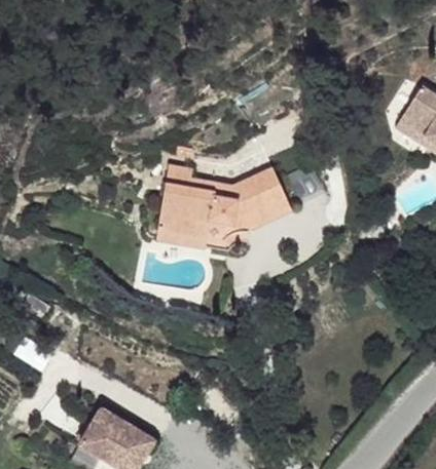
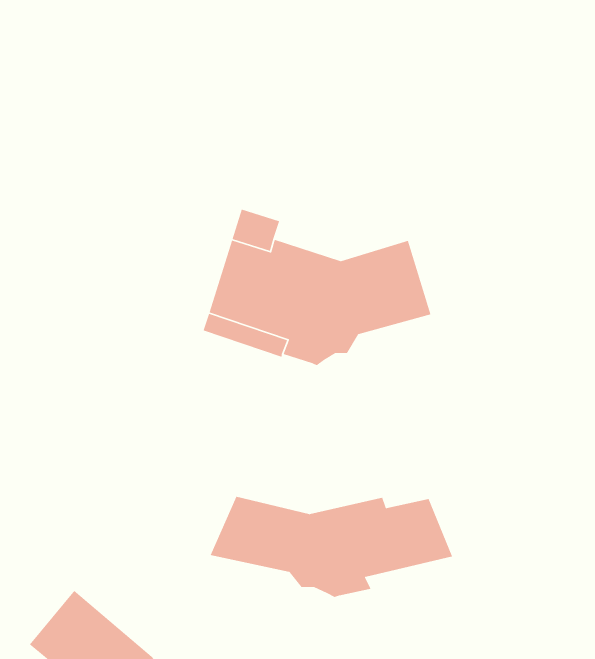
building: none -> [210,496,453,598]

